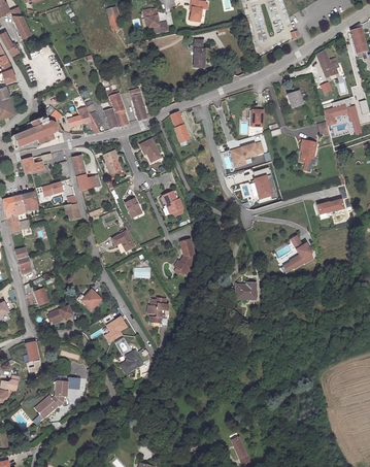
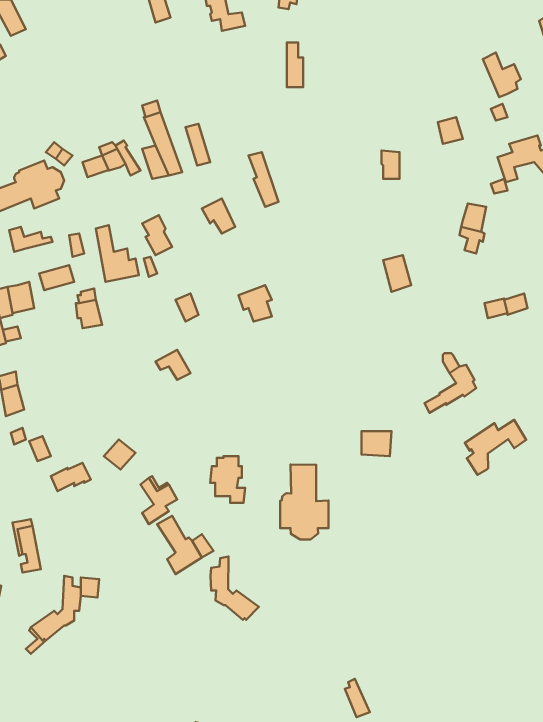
building: [231,142,264,166] -> none
building: [173,240,195,274] -> none
building: none -> [465,420,526,475]
building: none -> [280,464,328,540]
building: none -> [211,557,259,620]

